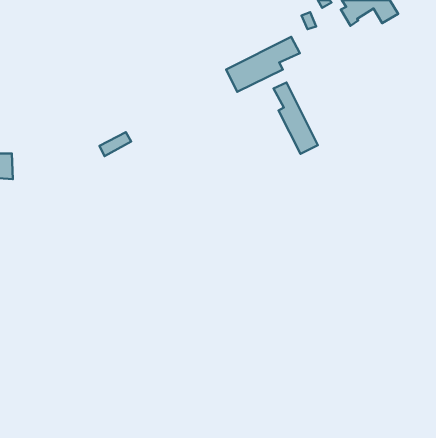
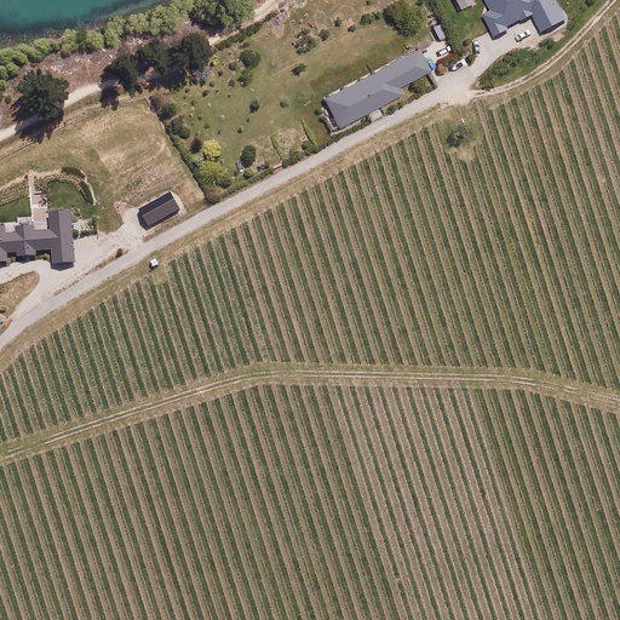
building: [274,82,318,154] -> none
building: none -> [23,202,82,258]

